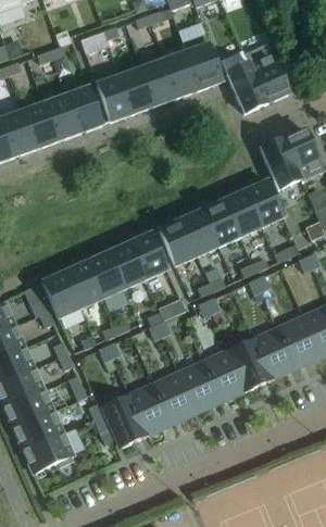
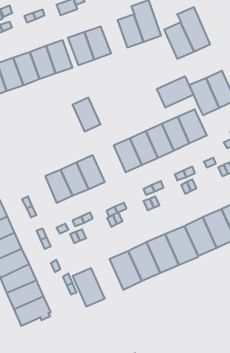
building: [140,60,176,104] -> none
building: none -> [157,76,193,108]
building: [129,233,167,278] -> [72,98,101,131]
building: [41,271,80,317] -> none
building: [127,382,171,436] -> none

